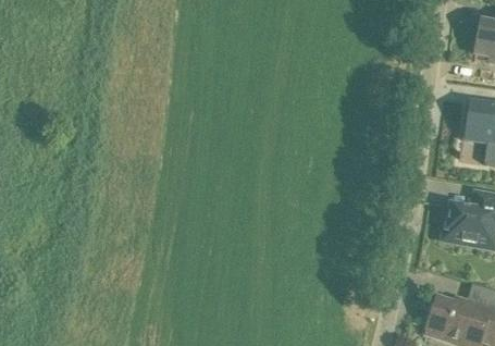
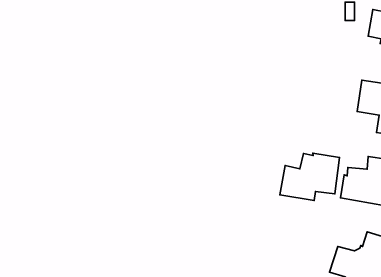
building: none -> [280,153,340,200]

